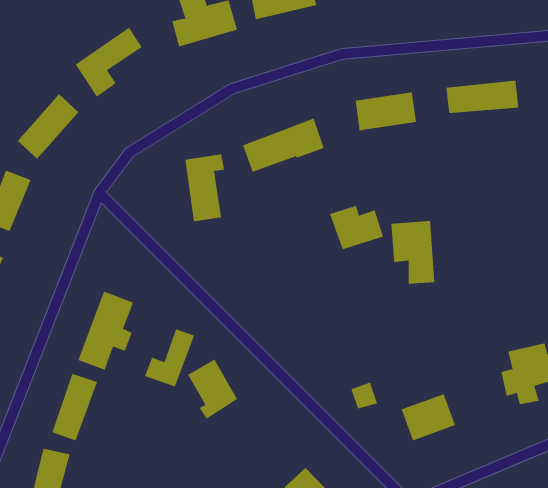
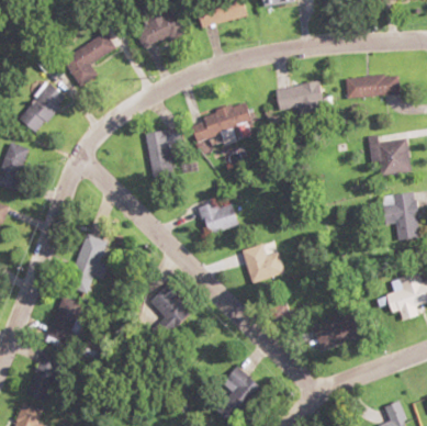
building: none -> [369,135,411,176]
building: [329,205,384,250] -> [198,200,239,234]
building: [390,221,435,284] -> [383,192,417,240]
building: none -> [241,243,285,282]
building: [144,329,195,387] -> none

